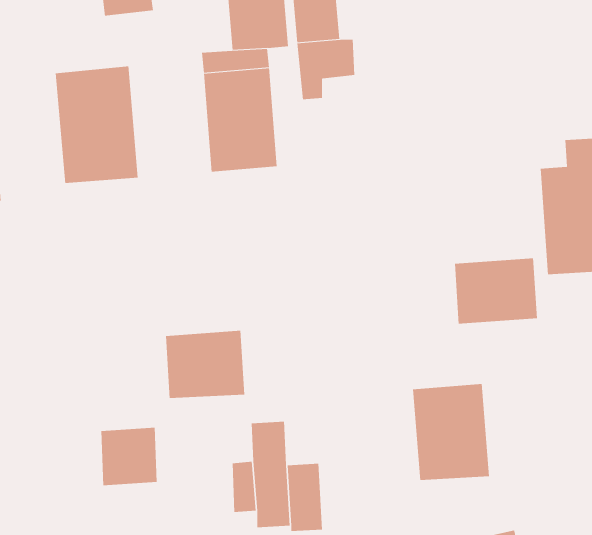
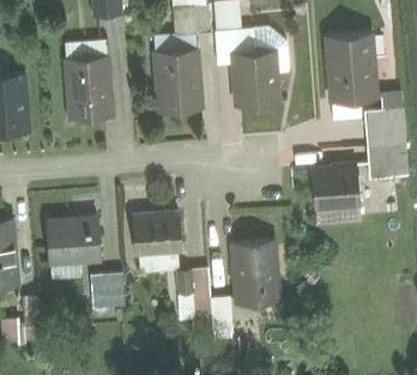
building: none -> [319,34,377,102]
building: none -> [230,50,280,107]
building: none -> [42,219,104,264]
building: [412,383,490,480] -> [230,241,279,302]

